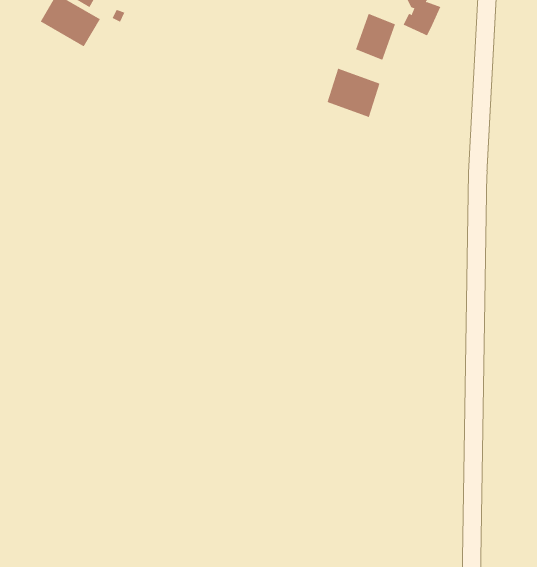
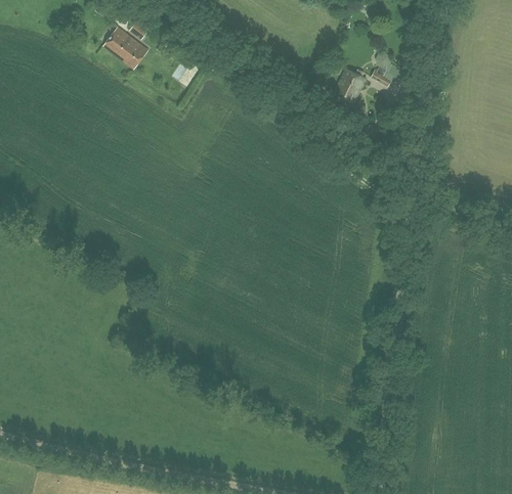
building: [327,68,380,118] -> none

